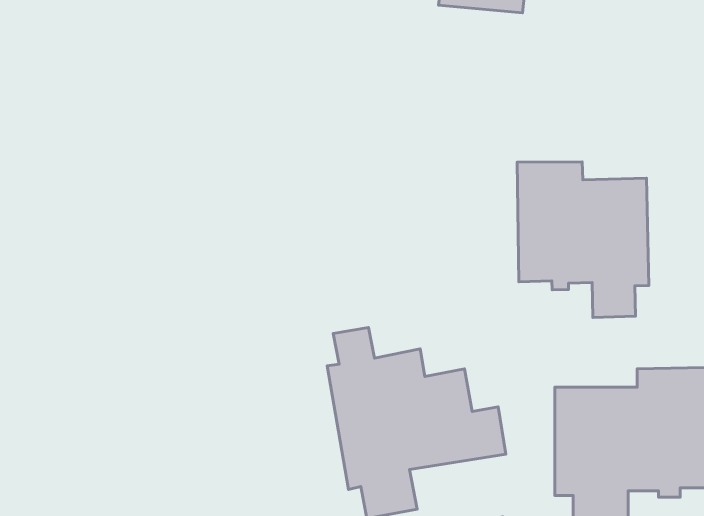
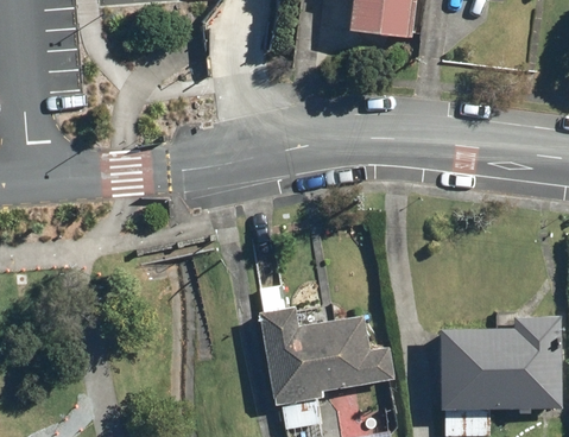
building: [517,162,649,317] -> none

